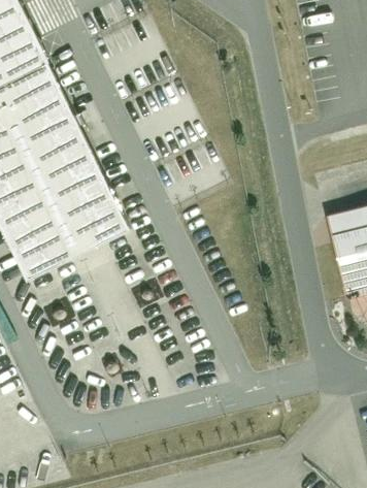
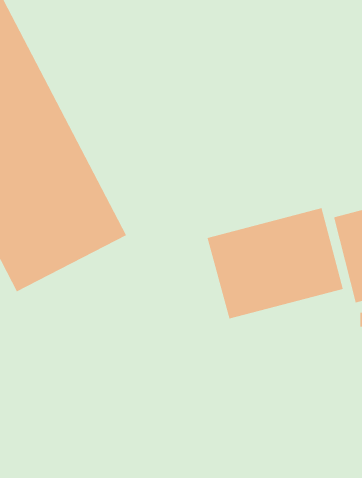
building: none -> [206,207,344,320]

